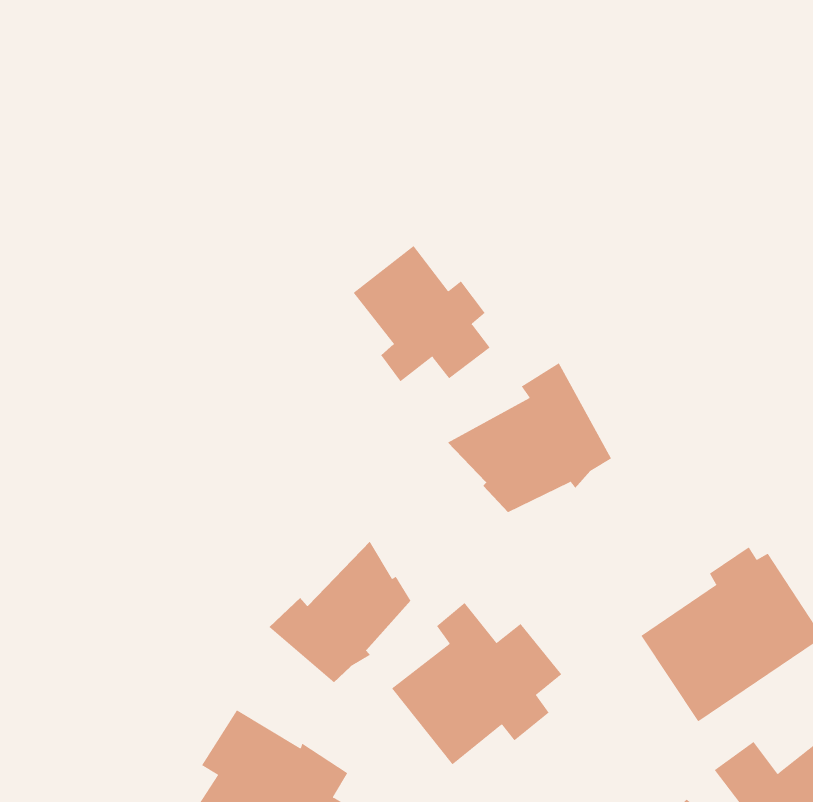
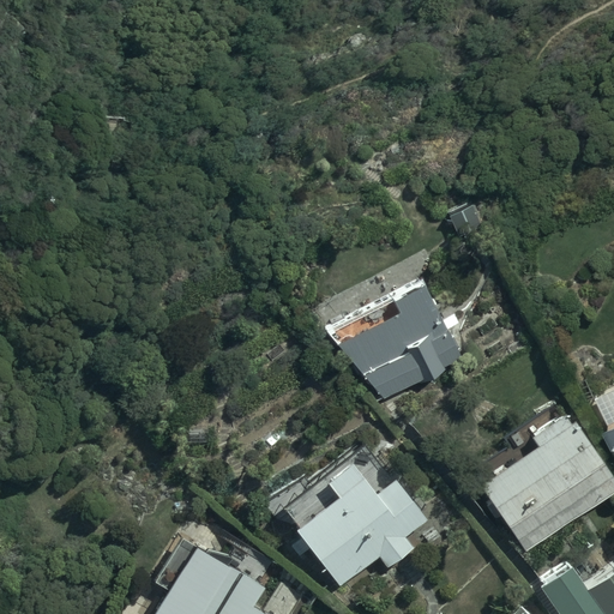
building: [353,245,490,382] -> none
building: [269,541,411,683] -> none

